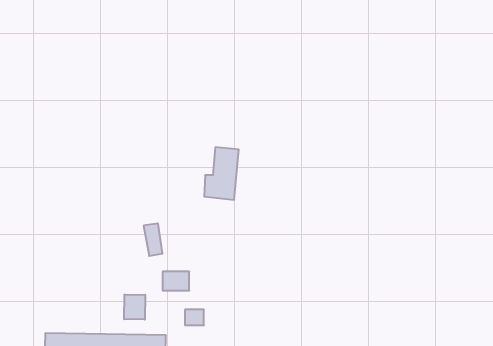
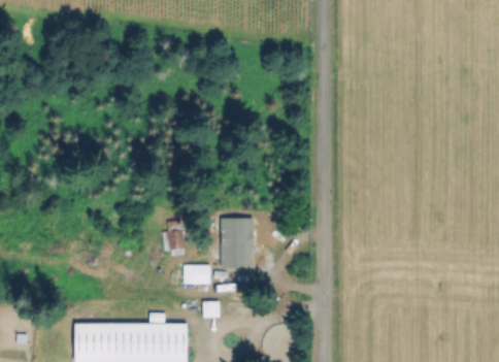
building: [204,147,239,200] -> [223,221,255,269]
building: [124,294,145,320] -> none

